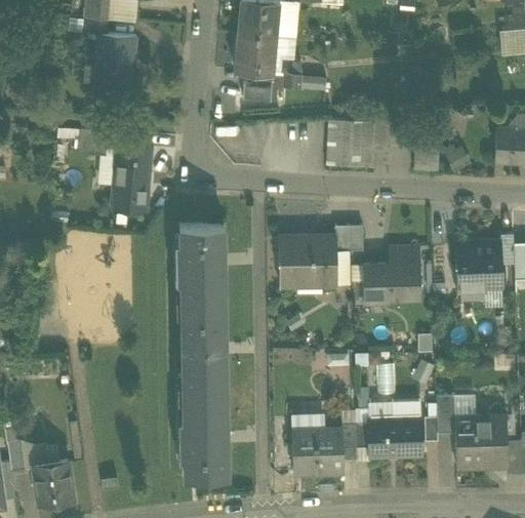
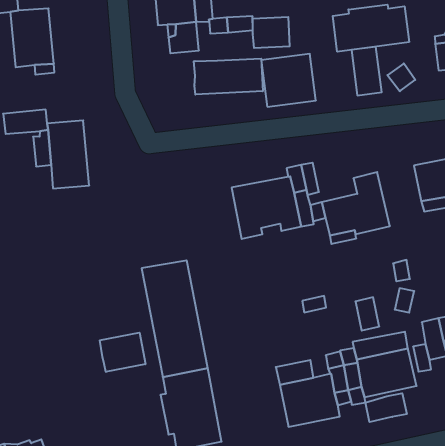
building: none -> [253,17,290,48]
building: none -> [333,5,409,52]
building: none -> [194,59,263,95]
building: [174,225,225,297] -> none
building: none -> [100,333,145,372]
building: none -> [365,393,407,422]

